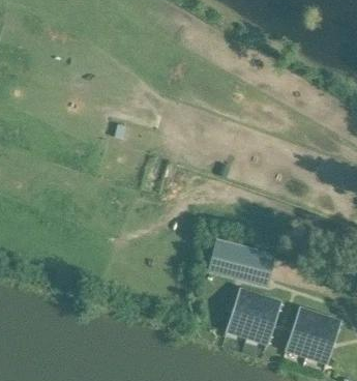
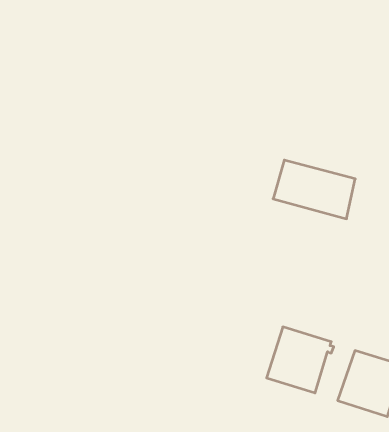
building: [207,239,275,288] -> [273,160,355,219]

